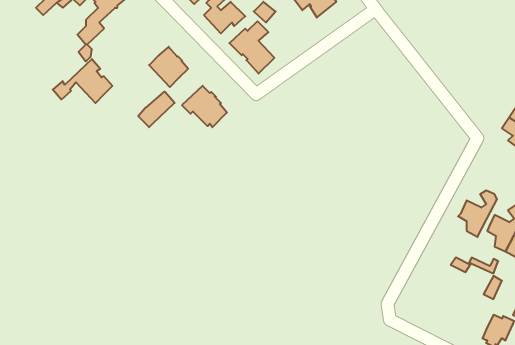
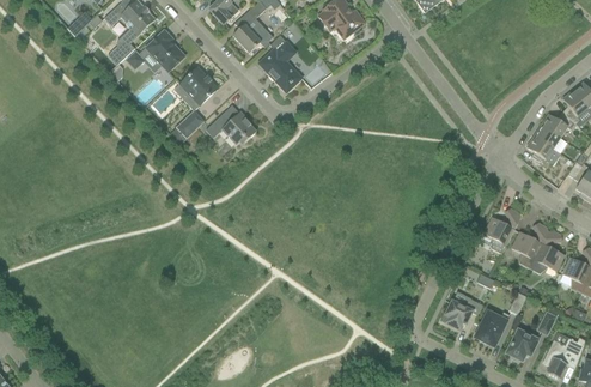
building: [53,59,112,103] -> [127,29,185,72]
building: none -> [441,296,482,328]
building: none -> [475,312,510,346]

